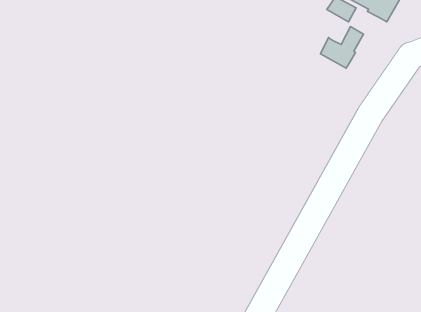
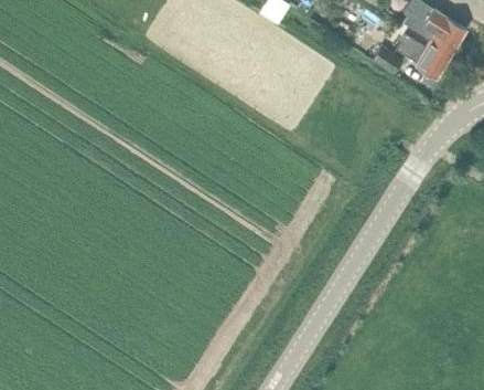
building: [321,27,364,68] -> none

